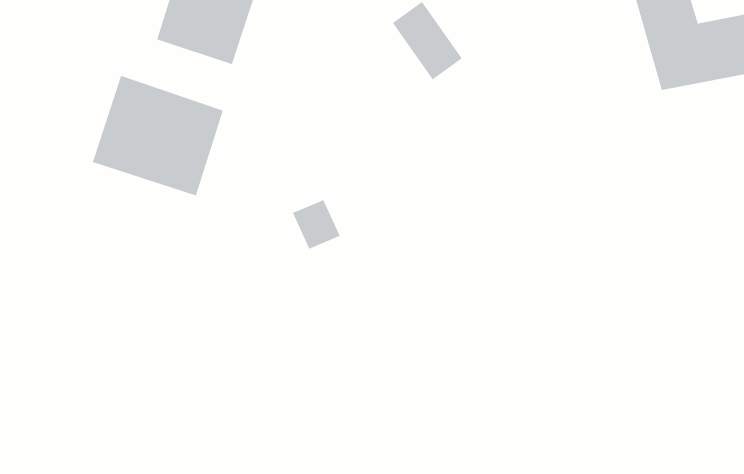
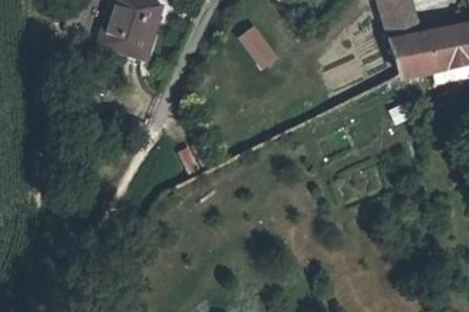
building: [92,75,224,196] -> none

